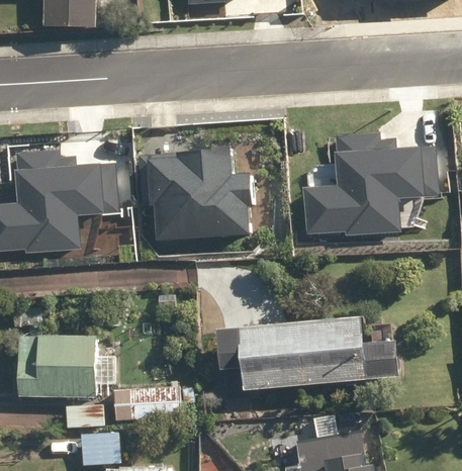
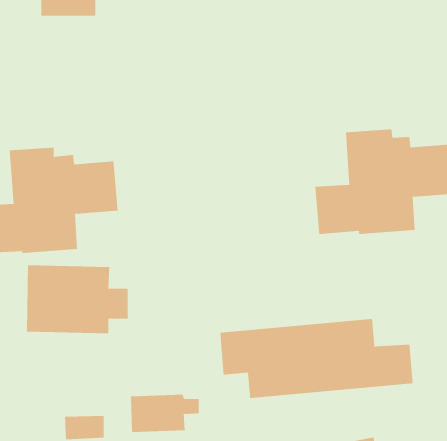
building: [140,151,250,241] -> none
building: [17,333,114,398] -> [26,265,128,334]

